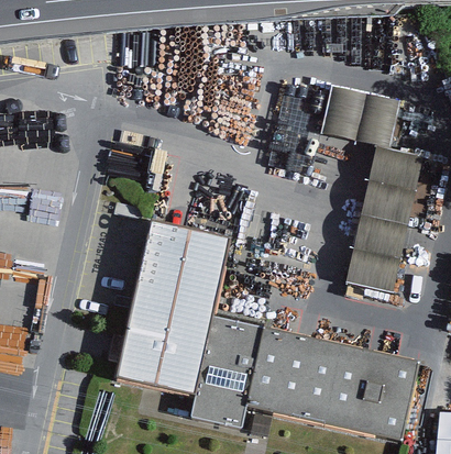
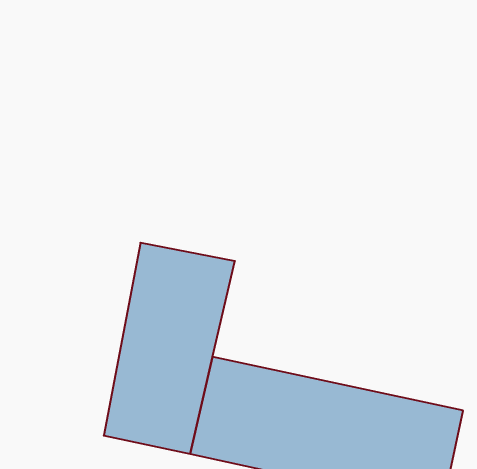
building: [323,85,424,292] -> none

